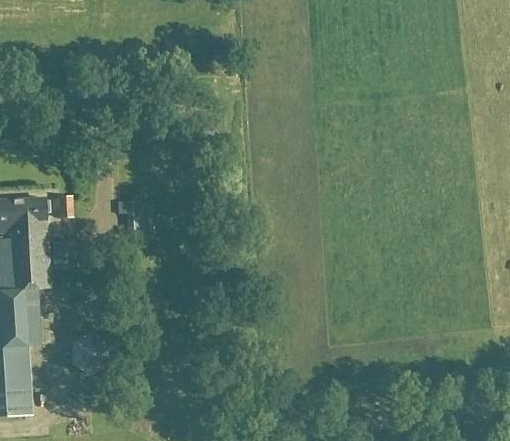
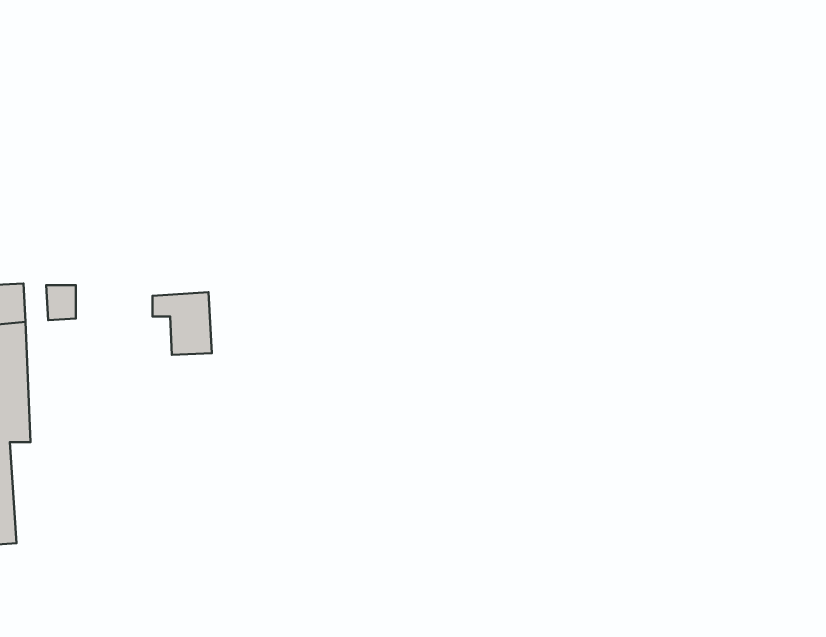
building: [70,332,107,376] -> none

